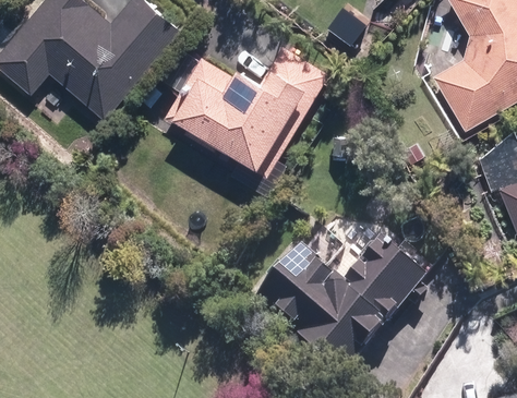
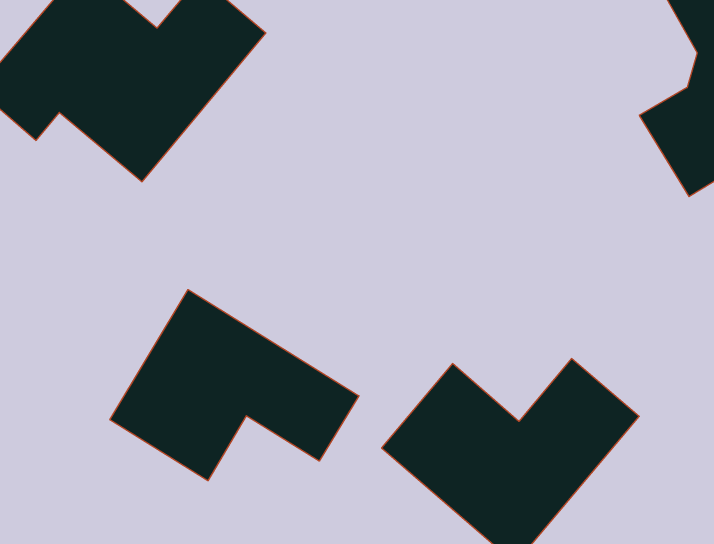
building: [163,47,329,169] -> none
building: none -> [110,290,359,481]

